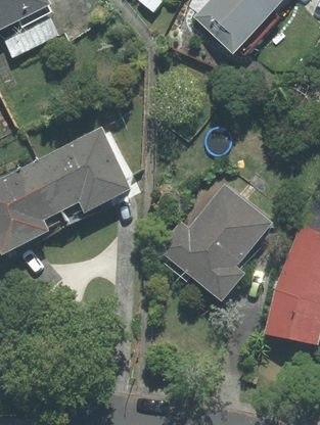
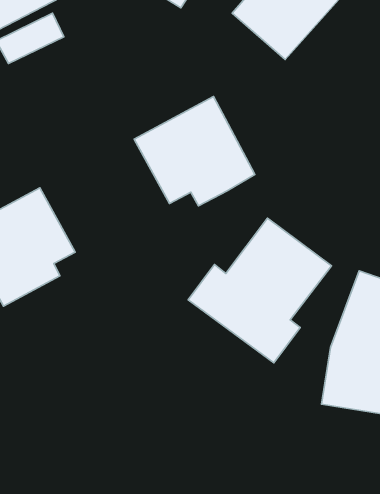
building: [36,125,134,214] -> [134,96,255,206]

